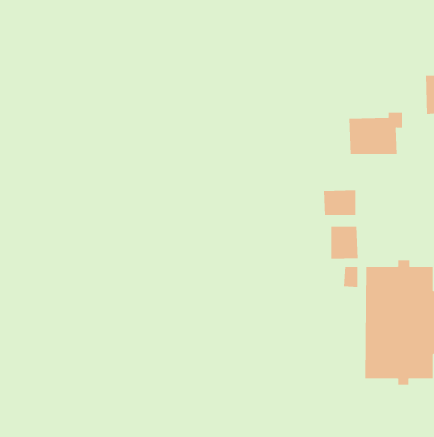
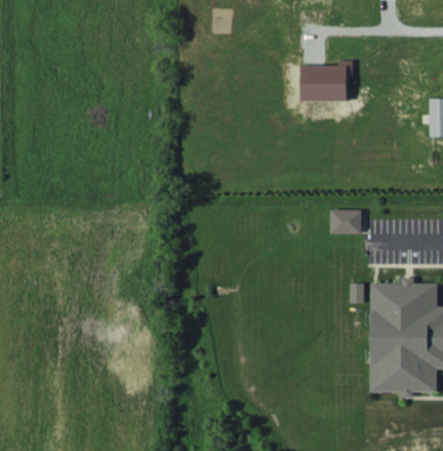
building: [349,112,403,155] -> [300,60,353,101]
building: [331,226,358,260] -> none

